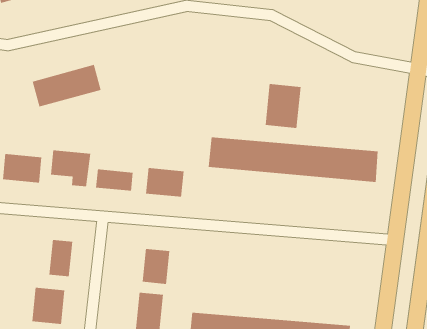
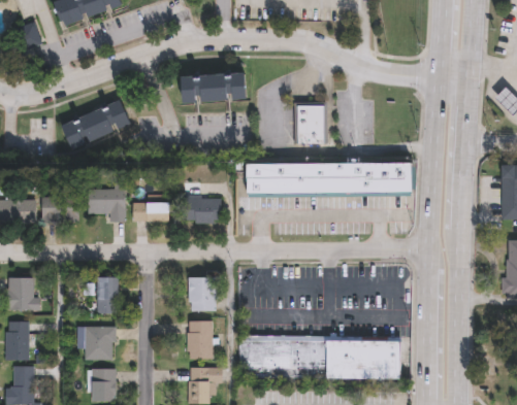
building: none -> [183,74,248,103]

